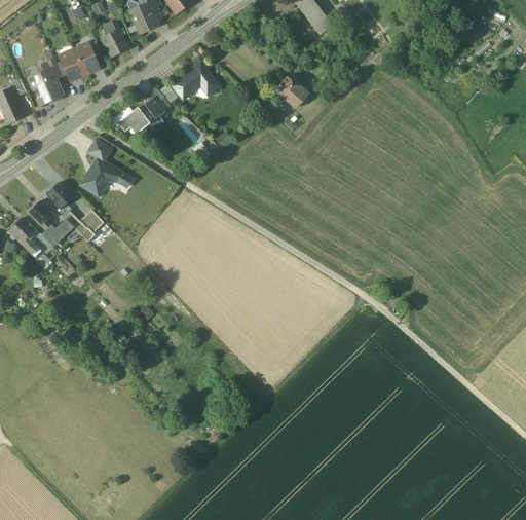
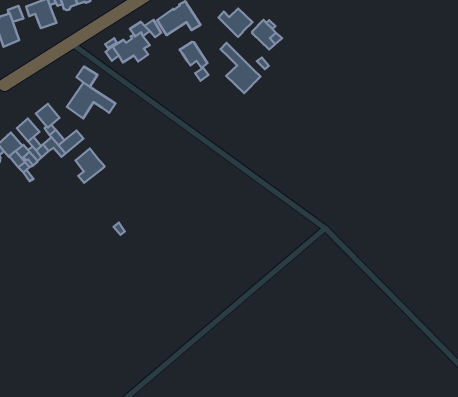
building: none -> [219,8,252,37]
building: none -> [221,43,260,93]
building: none -> [180,42,207,68]
building: none -> [75,148,105,183]

